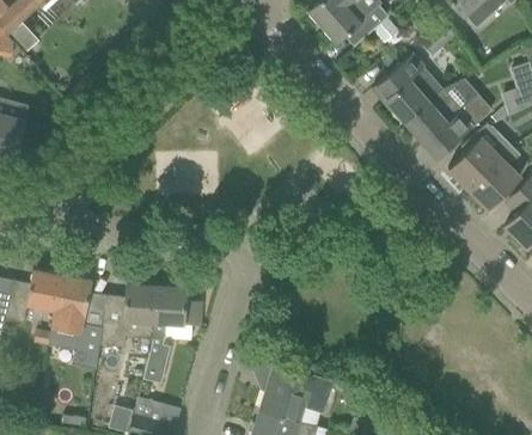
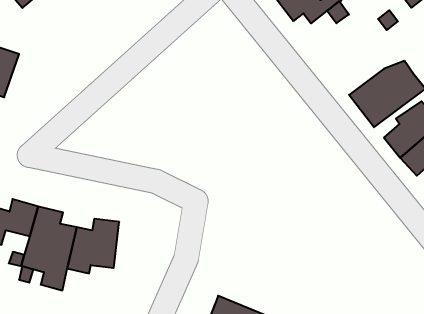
building: [372,54,442,123] -> none
building: [145,287,200,384] -> none

